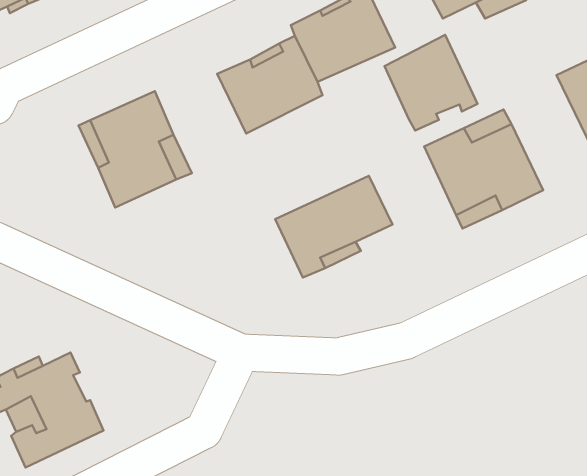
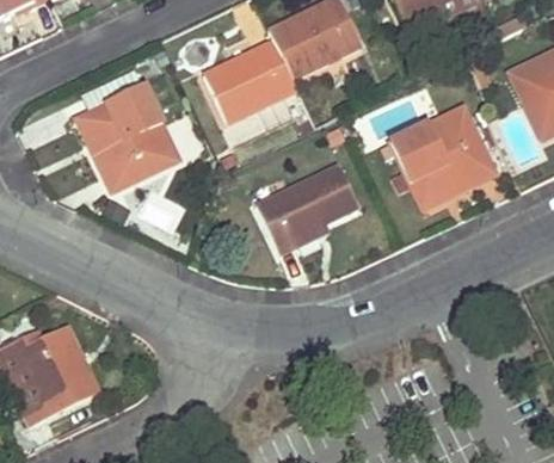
building: [385,35,478,130] -> none

